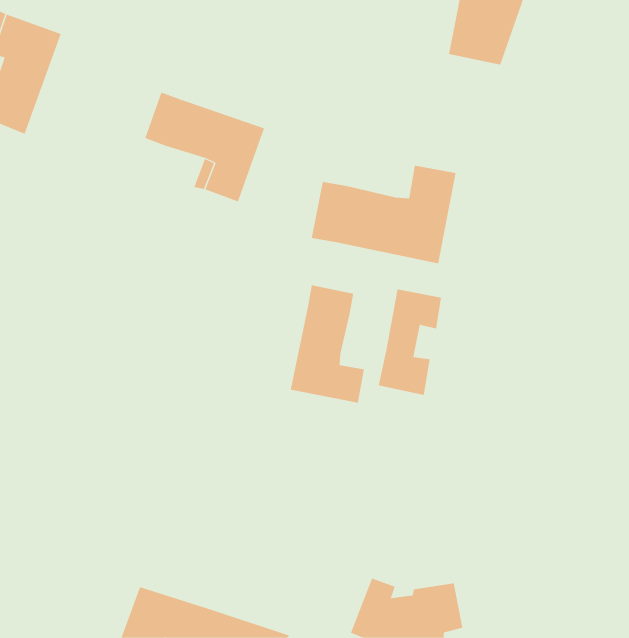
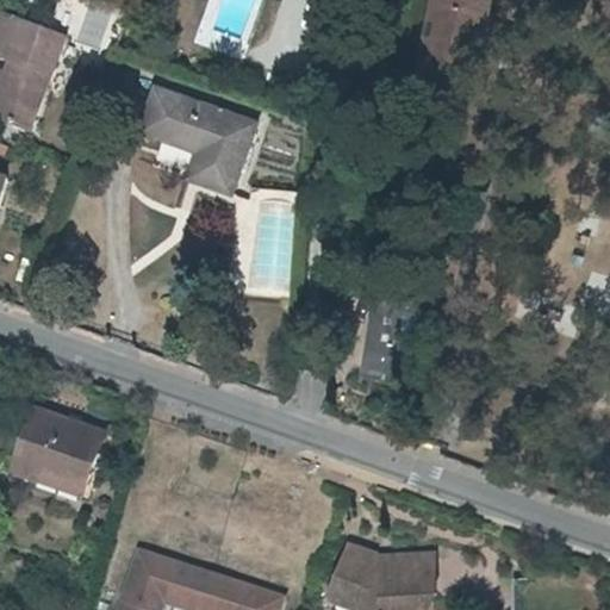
building: [311,165,456,264] -> none
building: [290,285,364,403] -> none
building: none -> [14,410,106,485]

